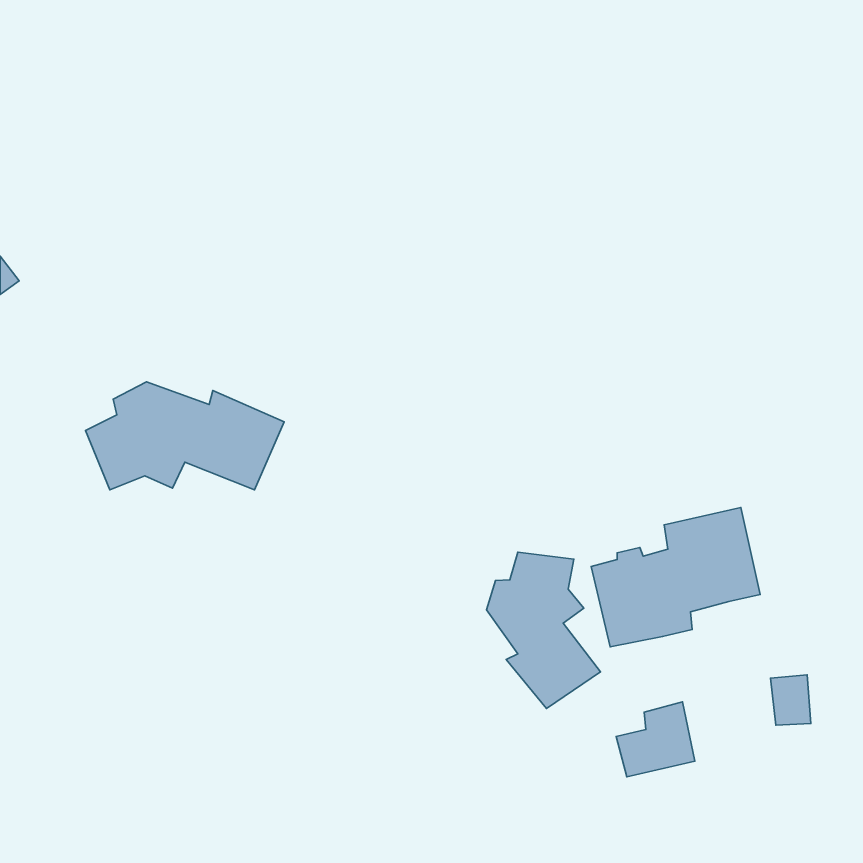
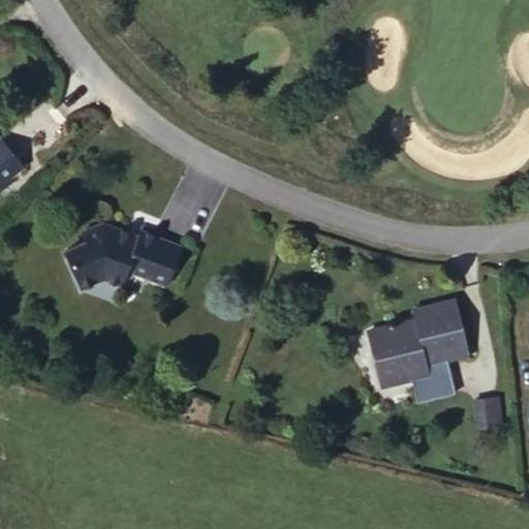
building: [486,552,600,709] -> none
building: [616,702,695,777] -> [409,356,456,401]

